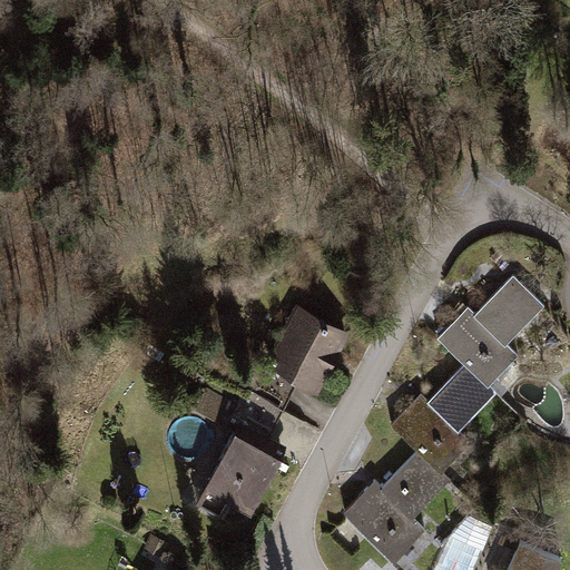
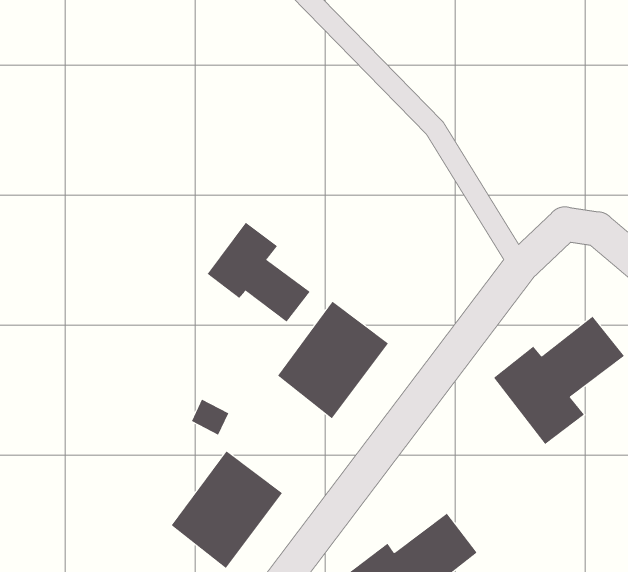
building: none -> [207,222,311,323]
building: [390,367,491,475] -> none

